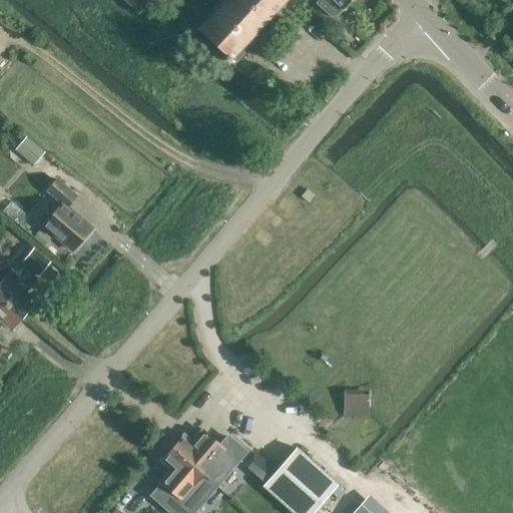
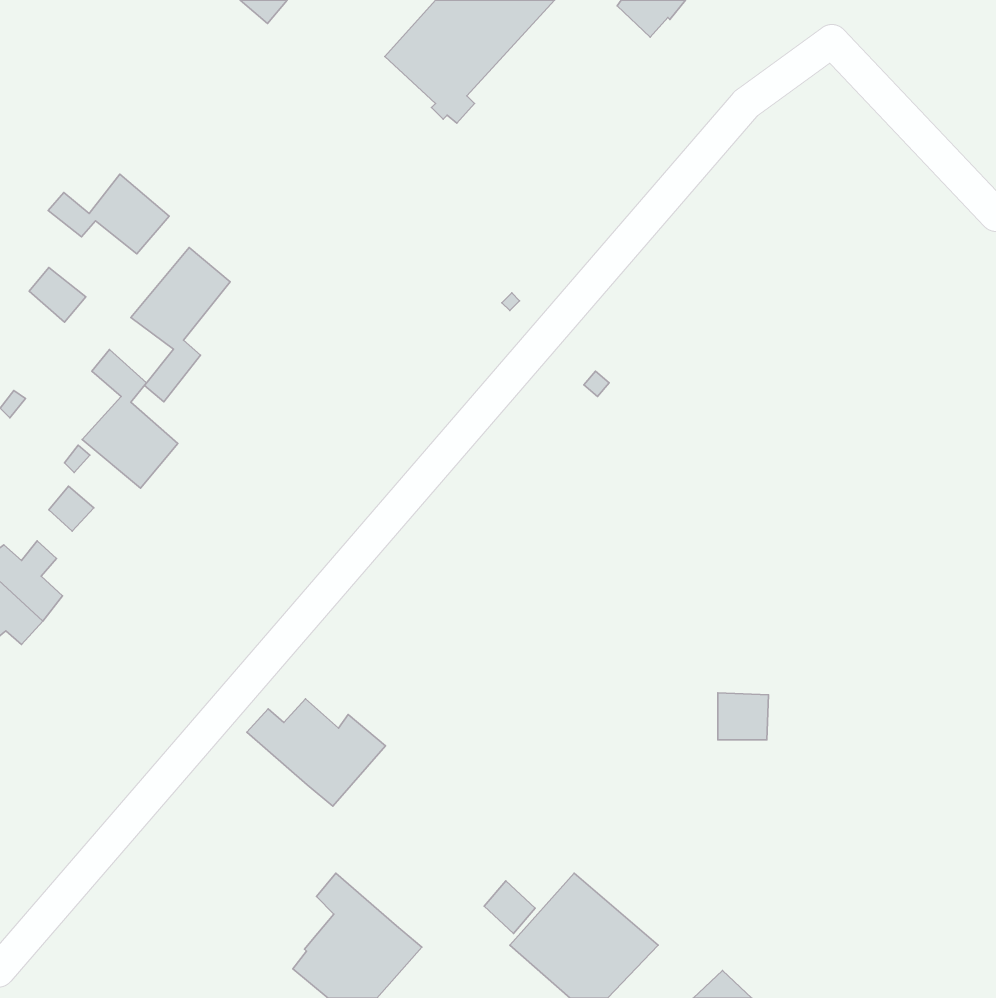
building: none -> [48,174,169,254]
building: none -> [131,247,230,402]
building: [344,391,370,415] -> [718,693,769,740]
building: [172,431,243,486] -> [247,699,385,806]

